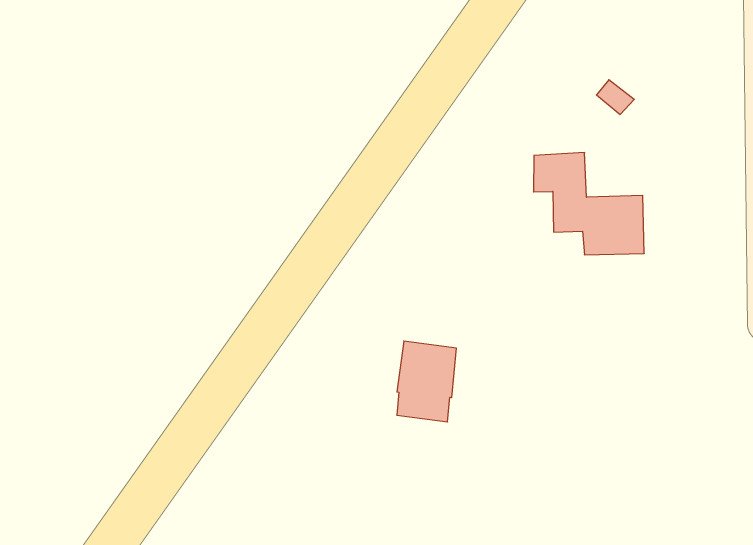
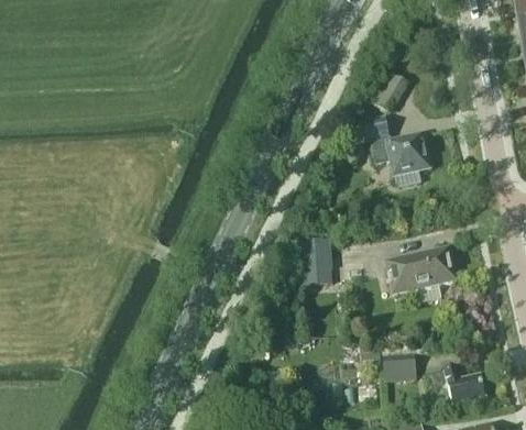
building: none -> [385,247,456,294]

